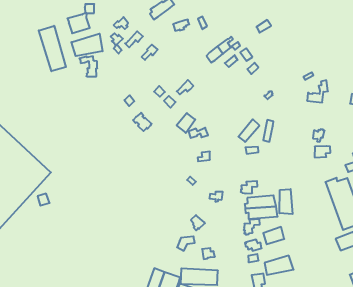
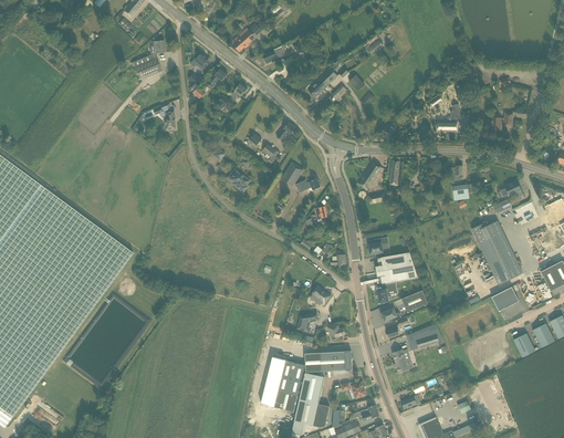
building: [39,26,66,71] -> none
building: [71,34,103,56] -> none
building: [279,189,293,214] -> none

